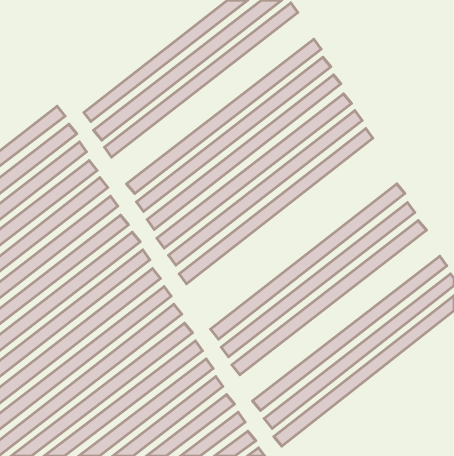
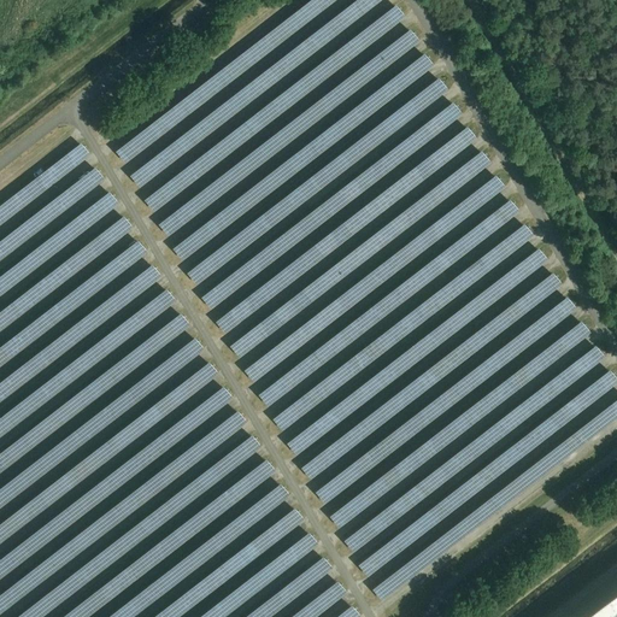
building: none -> [155,28,418,236]
building: none -> [255,200,518,409]
building: none -> [269,224,531,433]
building: none -> [328,319,590,529]

